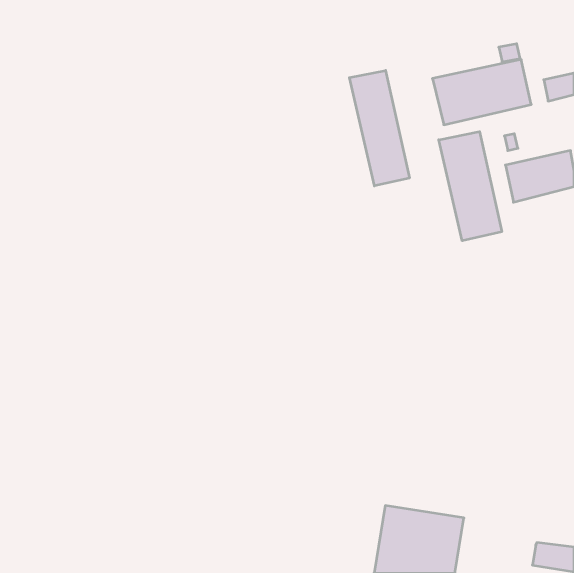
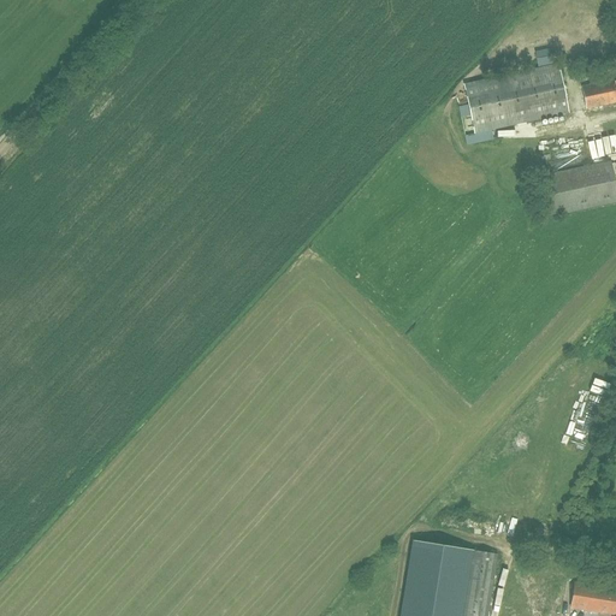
building: [349,70,409,186] -> none
building: [439,132,502,241] -> none

